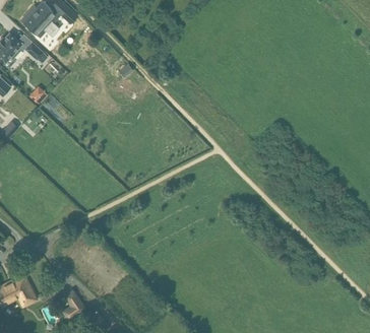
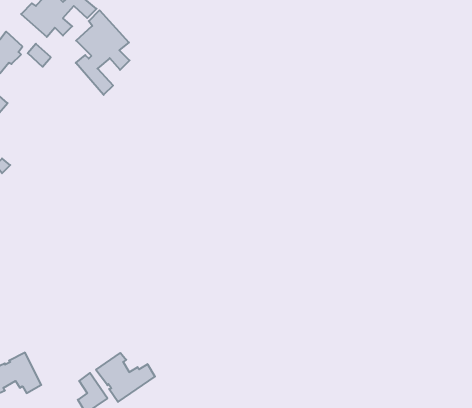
building: none -> [76,10,130,95]
building: none -> [96,353,155,402]

